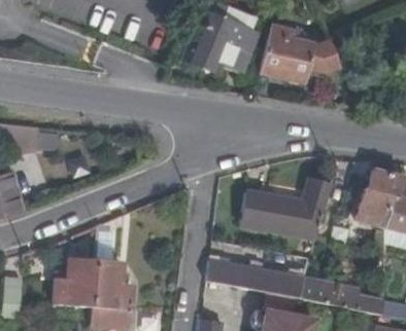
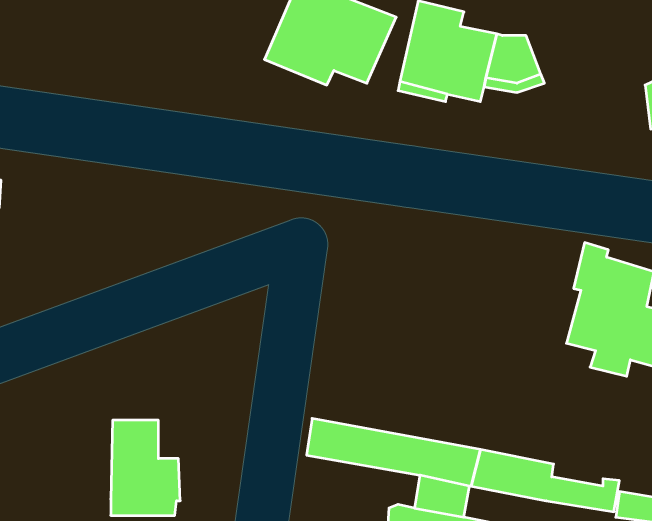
building: [243,177,334,236] -> none
building: [61,260,98,305] -> none

